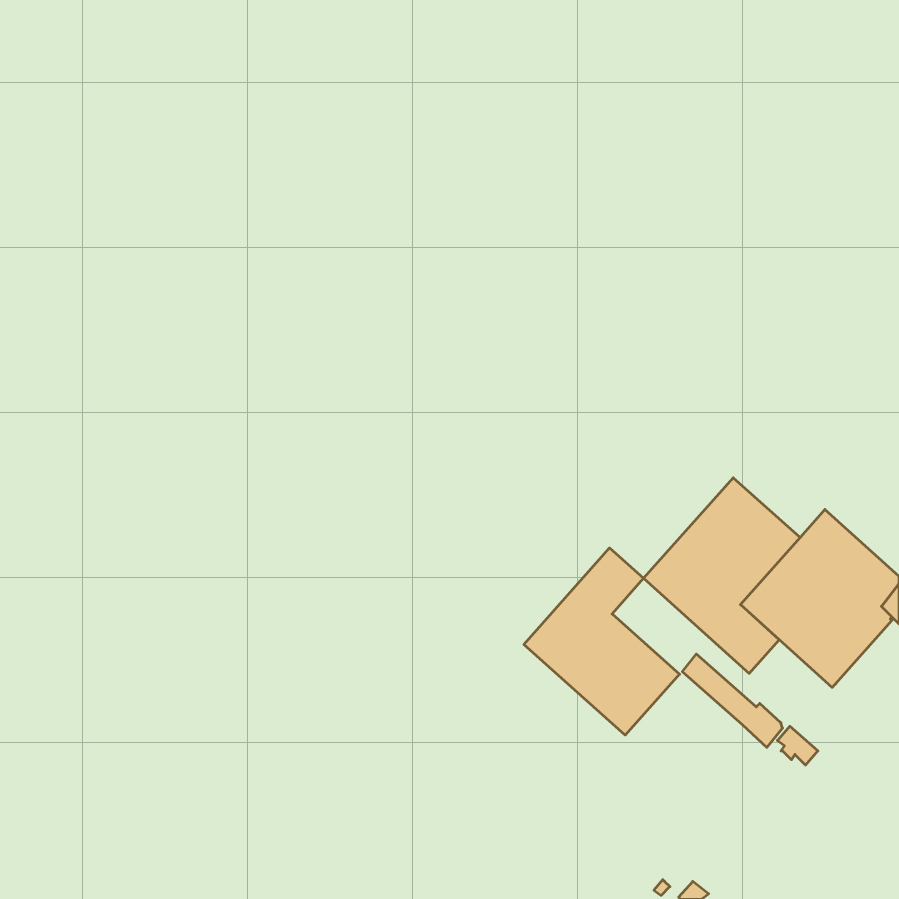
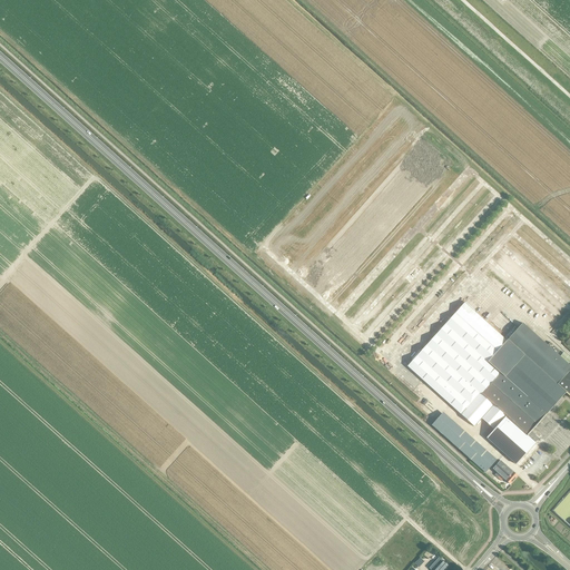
building: [524,548,680,735] -> none
building: none -> [485,415,534,463]

